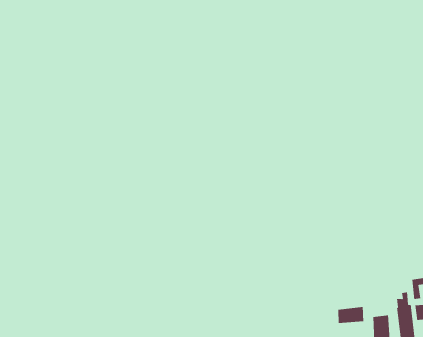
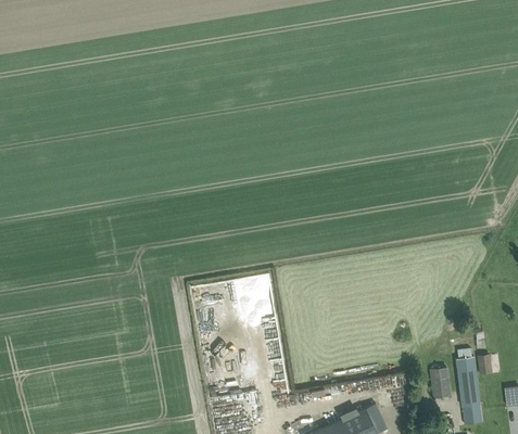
building: [338,306,364,324] -> none

